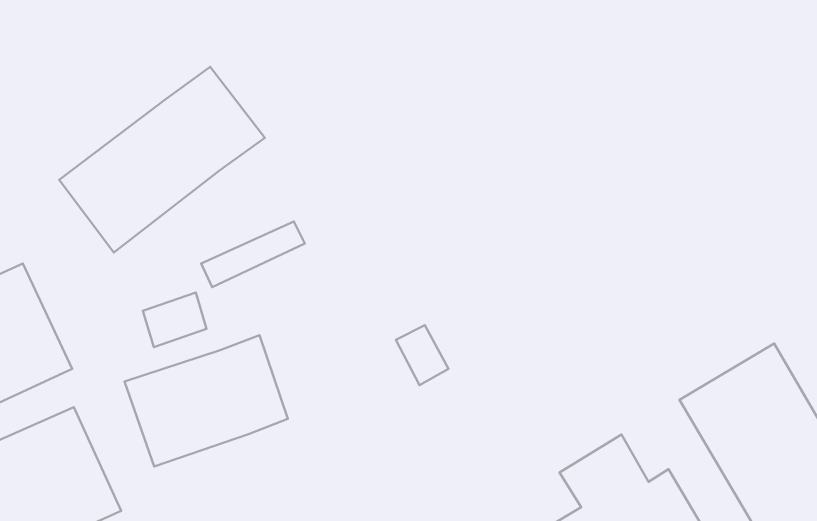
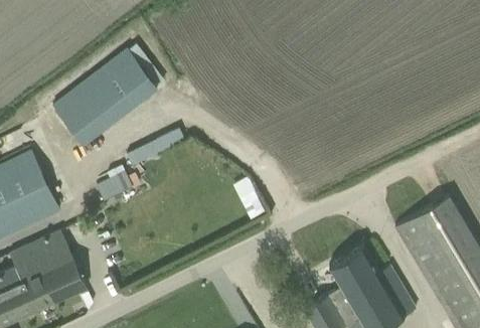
building: [125,335,288,467] -> none

